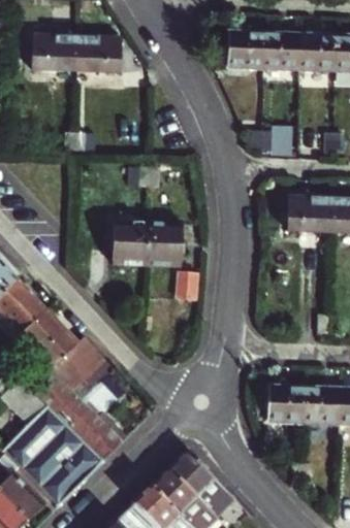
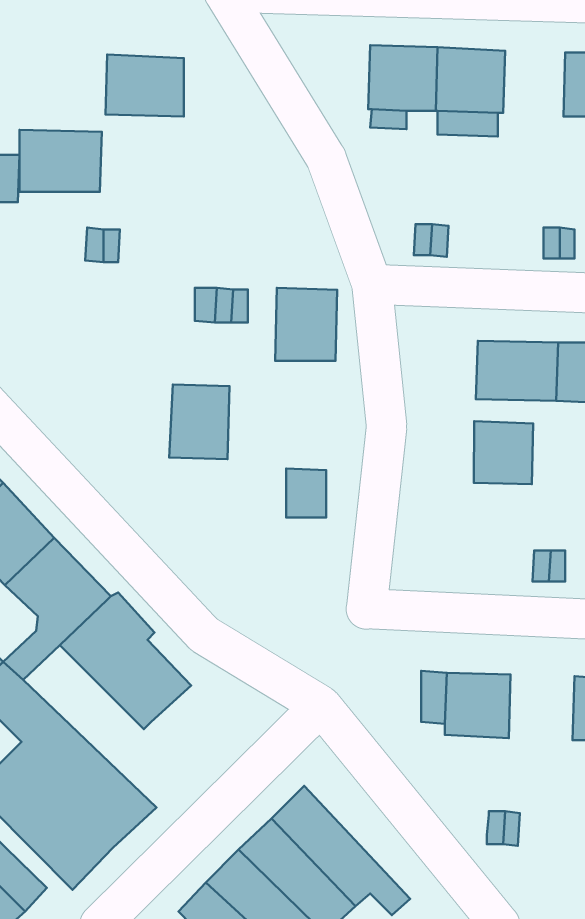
building: [301,34,337,71] -> none
building: [31,35,77,70] -> [20,130,102,192]
building: [146,224,181,265] -> [275,288,337,361]
building: none -> [474,421,533,484]
building: [30,370,123,462] -> none
building: [305,387,342,424] -> none

